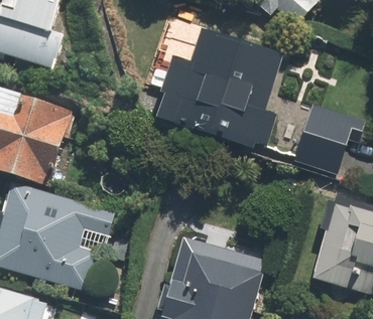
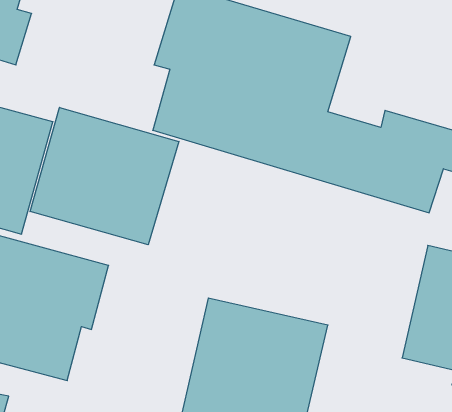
building: none -> [30,107,179,245]

